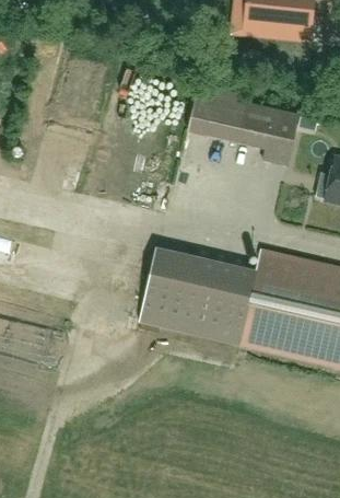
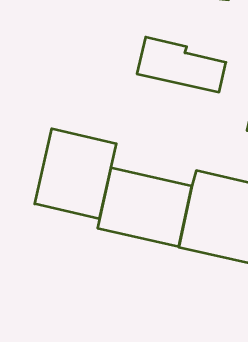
building: none -> [35,129,116,219]

